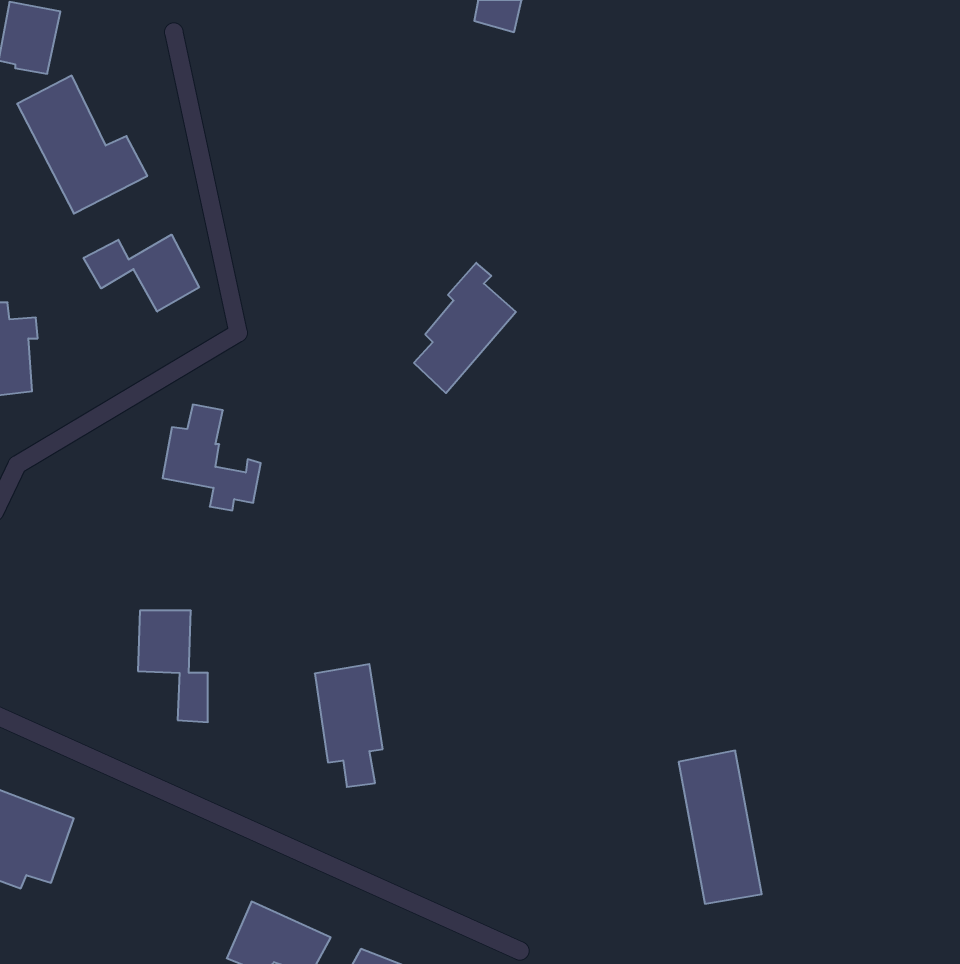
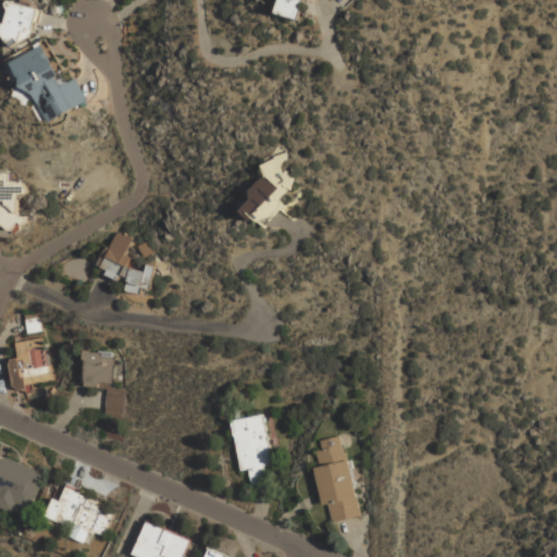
building: [84,235,199,312] -> none
building: none -> [4,333,48,388]
building: [315,664,383,787] -> [230,416,269,486]
building: [679,751,762,904] -> [311,434,359,522]
building: none -> [42,488,112,542]

